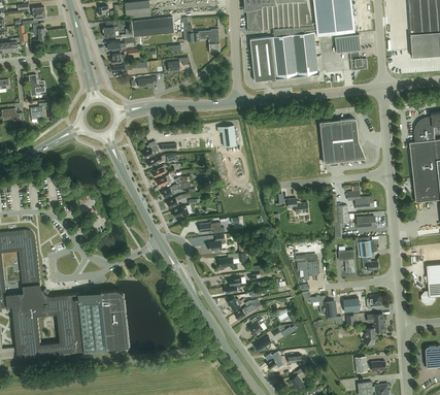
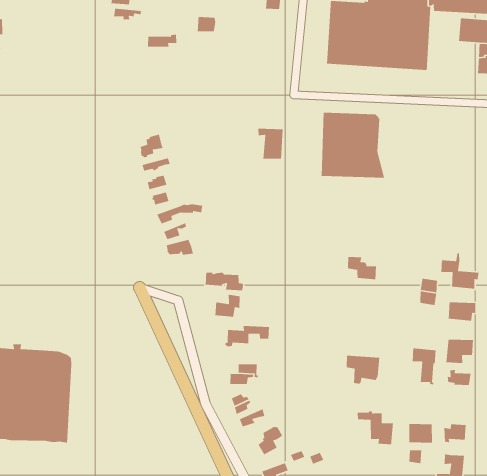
building: [318,118,365,163] -> [321,112,385,179]

